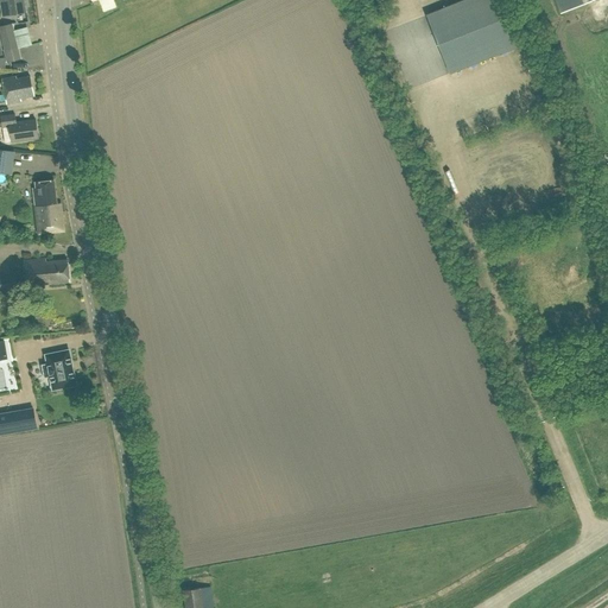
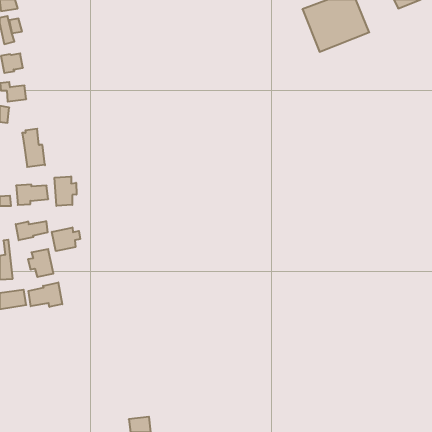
building: none -> [55,176,76,206]
building: none -> [16,221,48,240]
building: none -> [52,227,80,251]
building: none -> [28,282,62,307]

